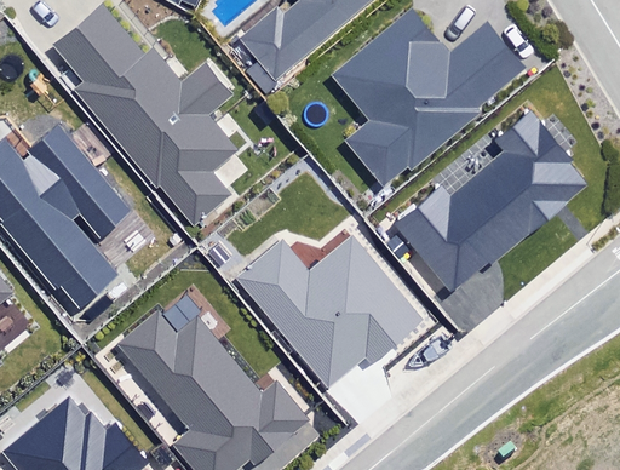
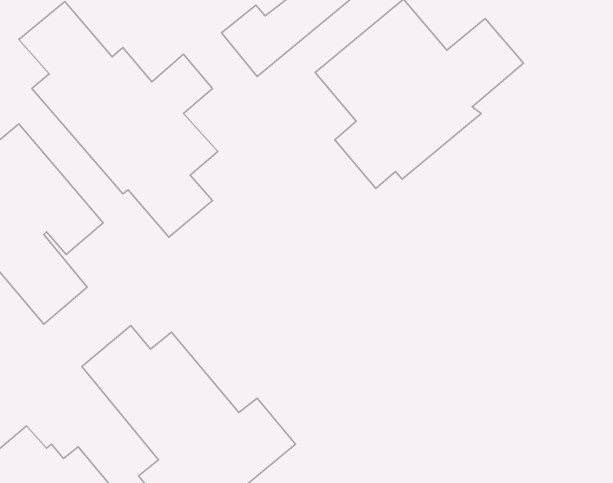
building: [386,117,584,297] -> none
building: [239,233,424,385] -> none

